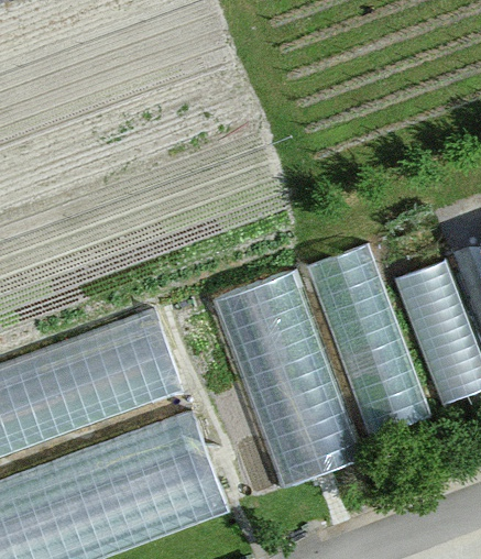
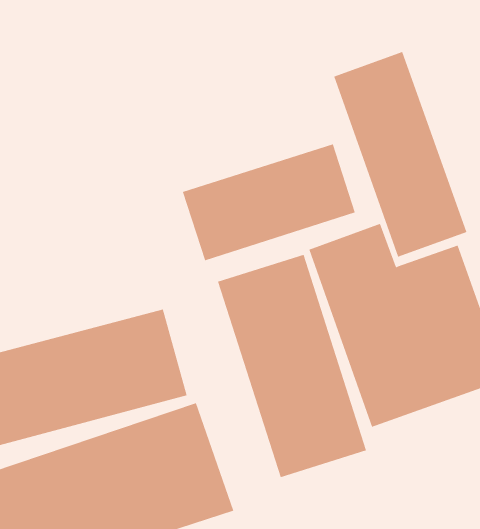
building: none -> [333,51,467,258]
building: none -> [182,143,356,261]

